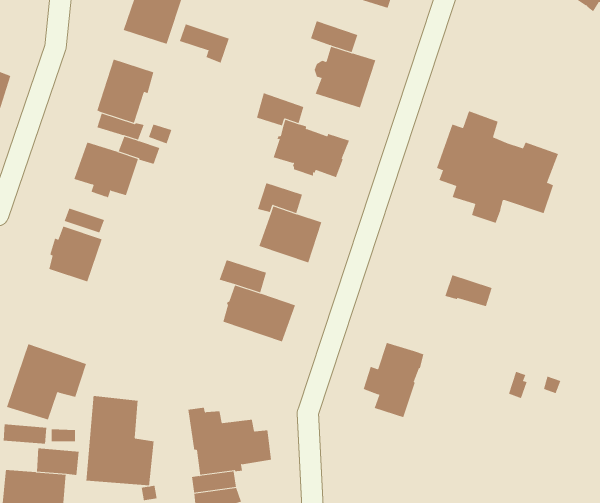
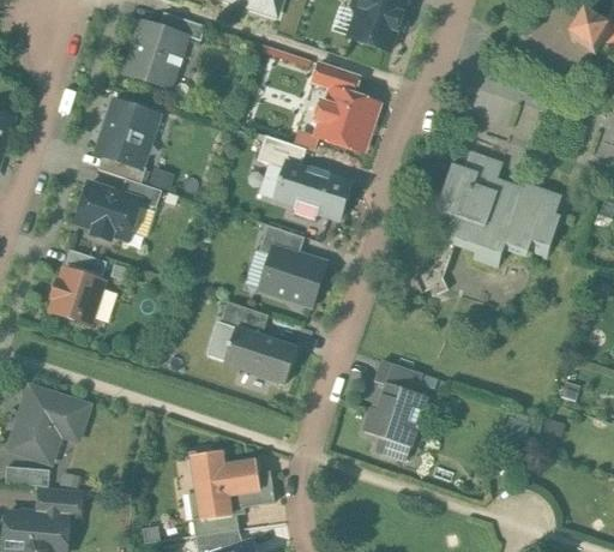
building: [179,23,229,63] -> none
building: [445,275,493,307] -> [373,360,421,392]
building: [86,395,154,486] -> none

